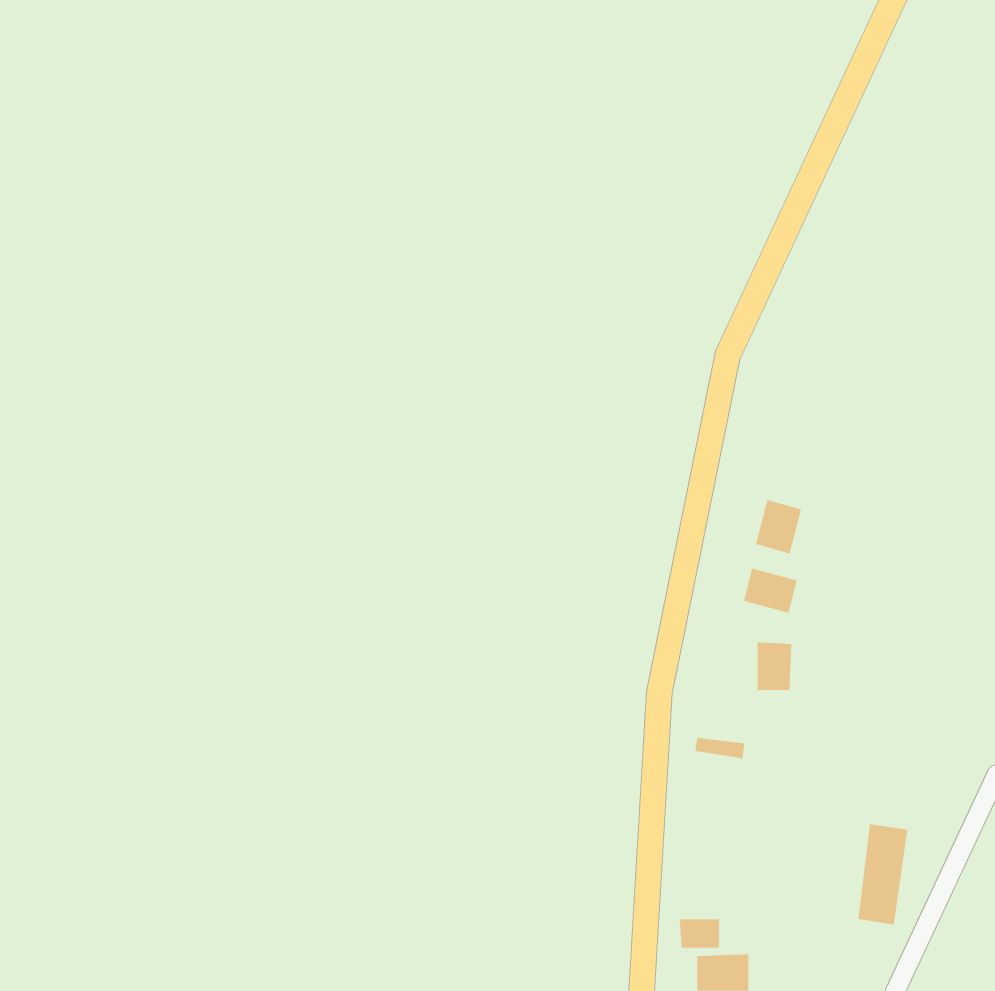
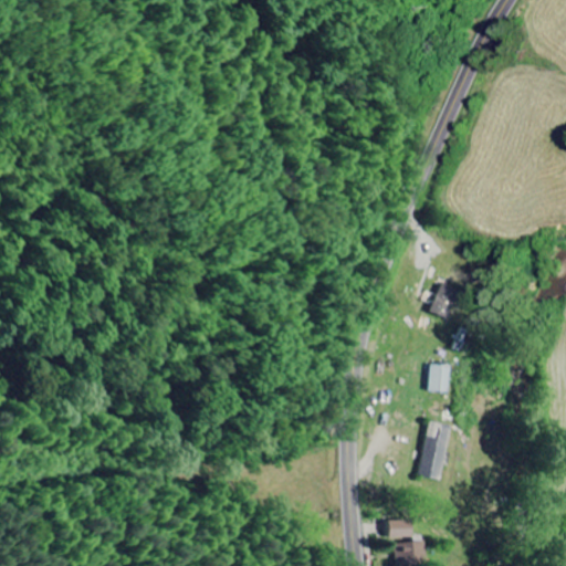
building: [744,568,797,613] -> none
building: [858,824,908,925] -> [421,422,450,480]

